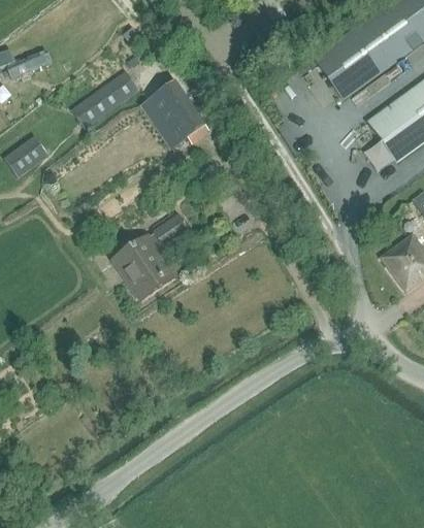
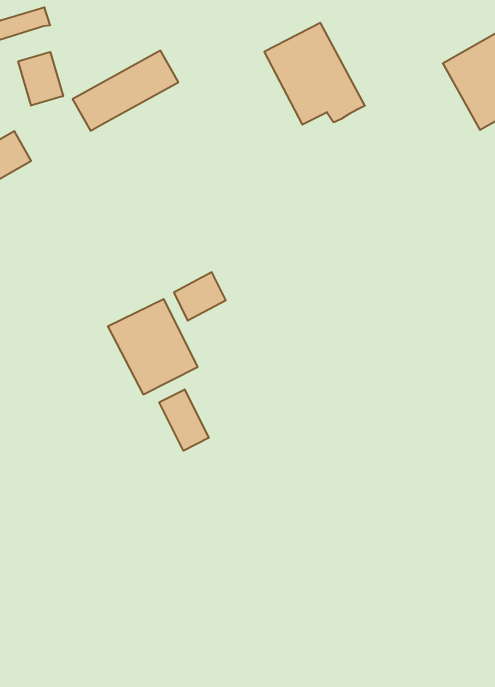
building: none -> [18,52,63,106]
building: [139,80,210,150] -> [264,23,365,125]
building: none -> [159,389,209,451]

